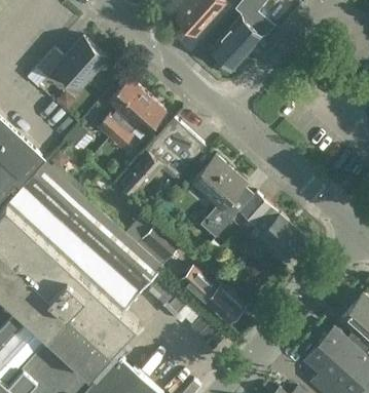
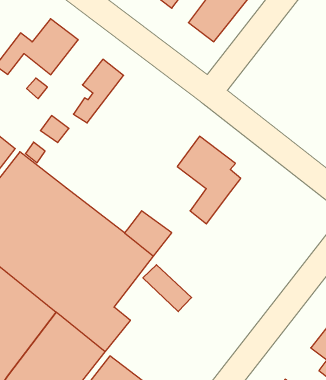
building: [110,95,165,147] -> none
building: [119,119,205,198] -> none
building: [239,194,306,260] -> none
building: [181,268,245,323] -> none

